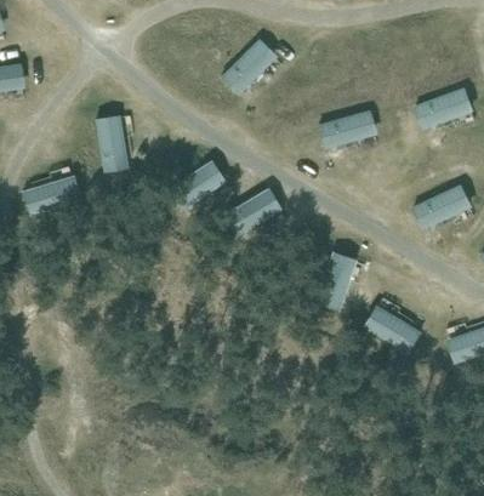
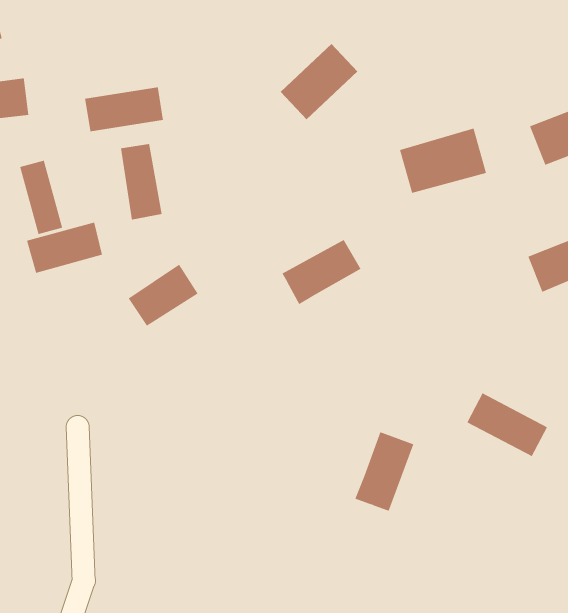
building: none -> [85,86,164,132]
building: none -> [20,160,63,235]
building: [170,161,224,210] -> [128,264,198,327]
building: [314,251,360,313] -> [355,432,414,511]

